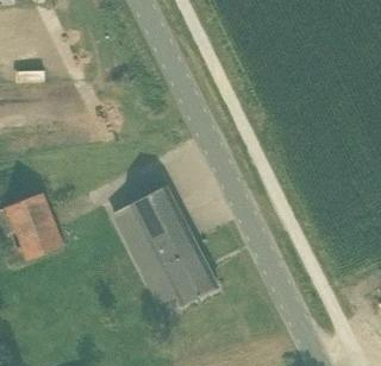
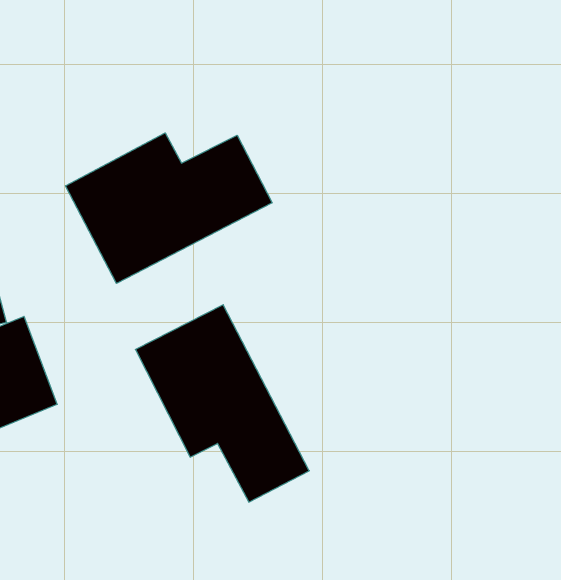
building: none -> [66,133,272,283]

